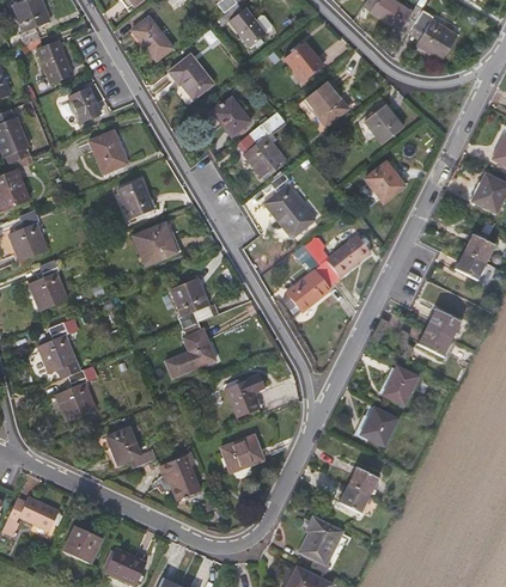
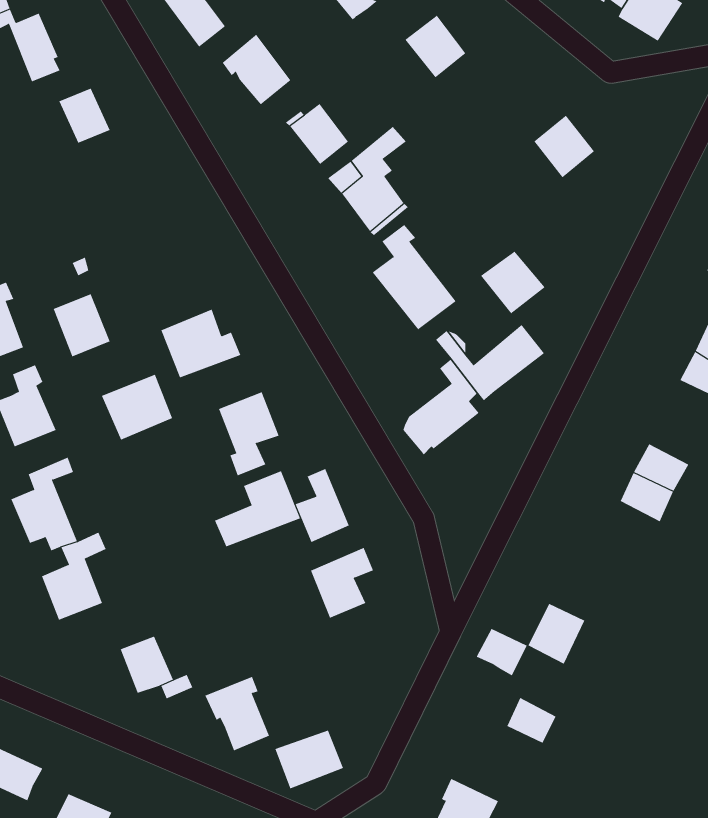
building: [304,84,348,127] -> none
building: [89,130,127,173] -> none
building: [364,163,404,202] -> [480,251,545,314]
building: [117,179,153,219] -> [53,294,110,357]
building: none -> [101,374,173,440]
building: none -> [295,468,349,543]
building: [382,366,417,405] -> none
building: [220,435,263,472] -> [275,730,344,789]
building: [337,484,370,514] -> [476,628,528,676]

